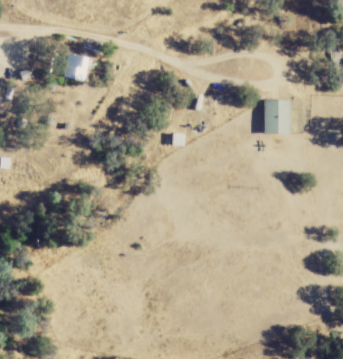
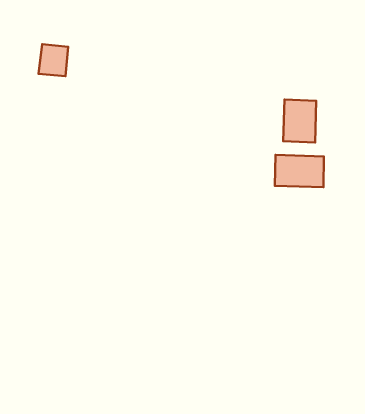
building: none -> [275,155,324,187]

